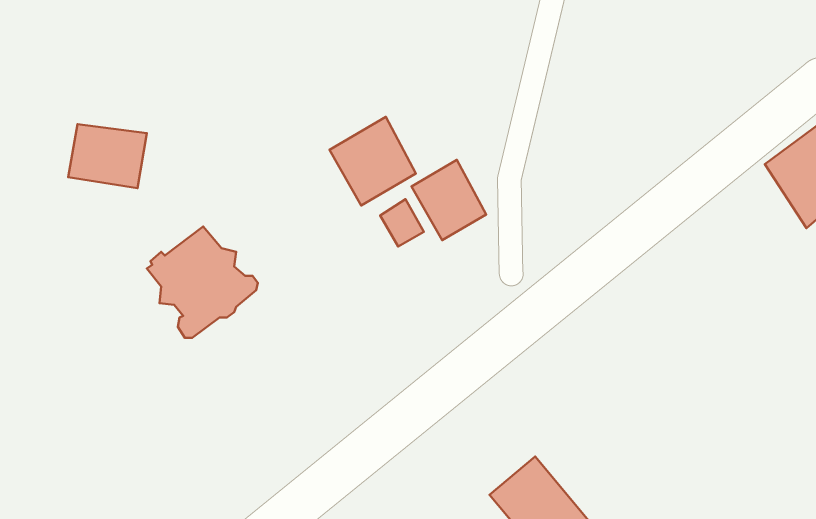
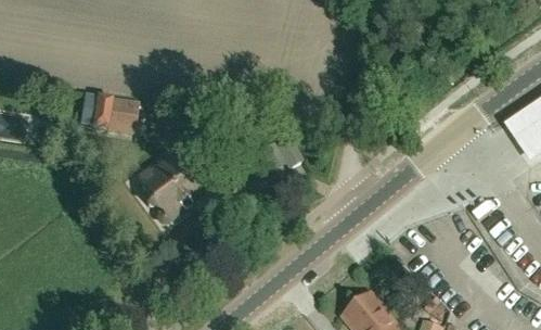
building: [329,117,416,206] -> none
building: [411,160,486,240] -> none

